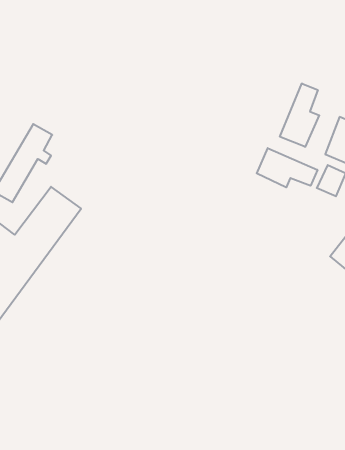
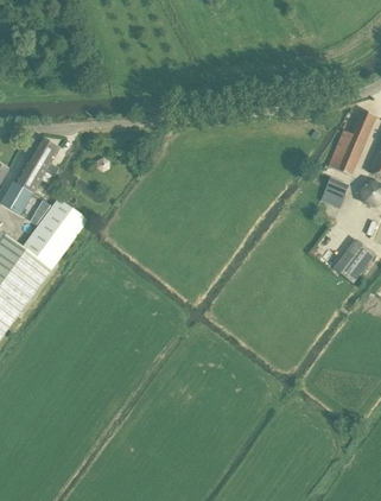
building: [280,83,319,147] -> none
building: [257,148,317,187] -> none

